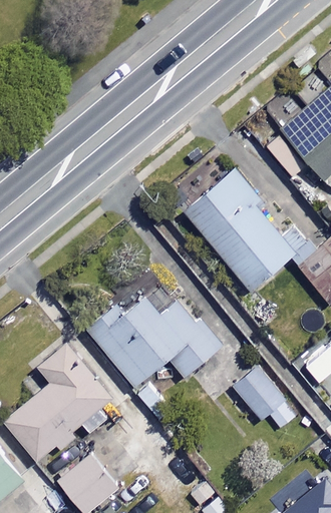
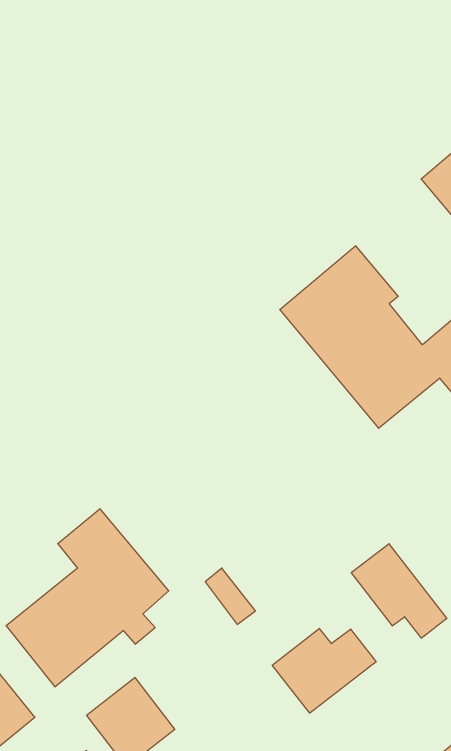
building: [93,294,220,386] -> none
building: none -> [272,628,376,713]

